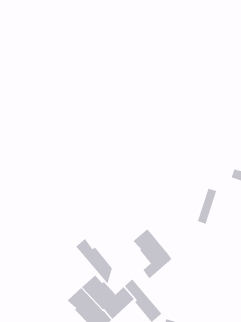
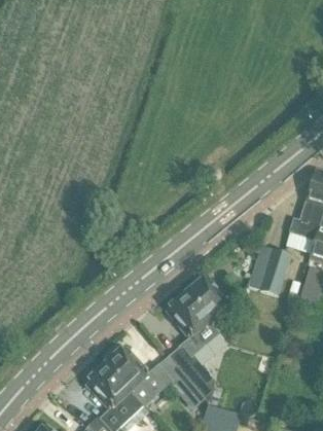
building: none -> [258,247,289,294]
building: none -> [186,279,234,324]
building: [75,238,113,285] -> [168,345,214,402]

